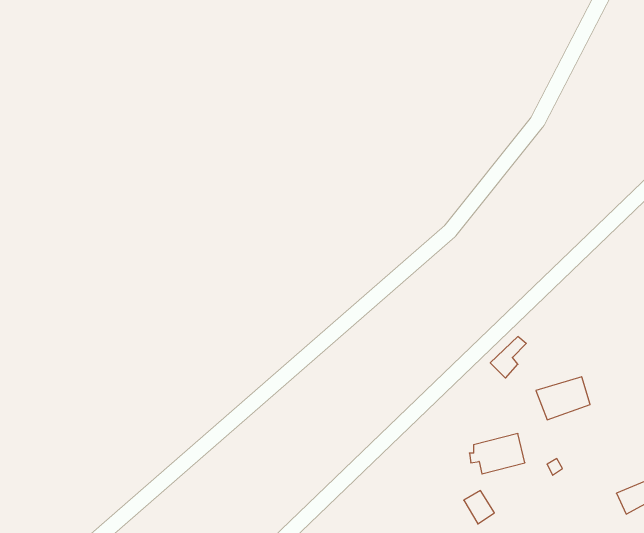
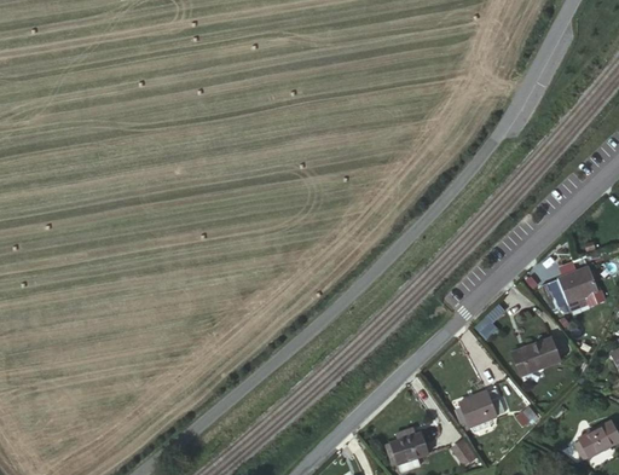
building: none -> [544,266,600,306]
building: none -> [392,435,428,465]

